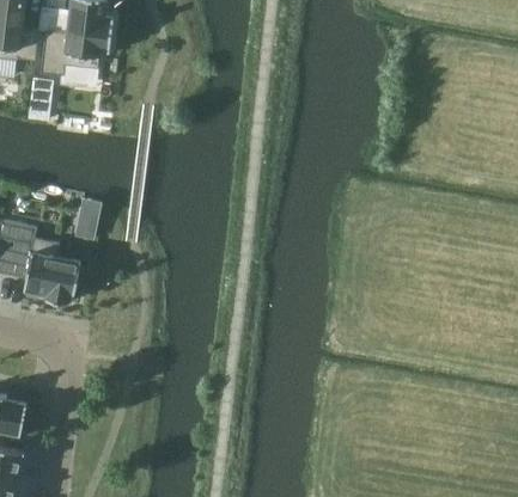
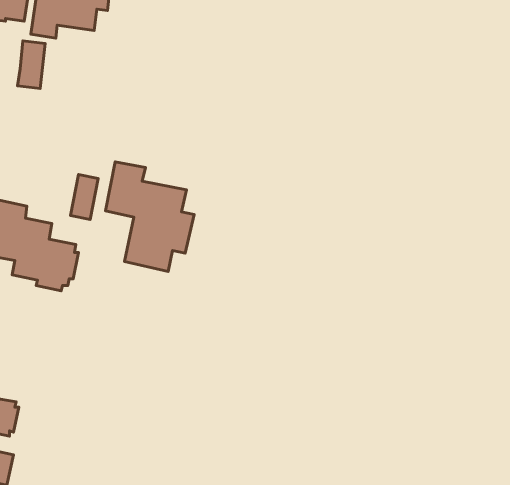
building: none -> [106,162,194,271]

